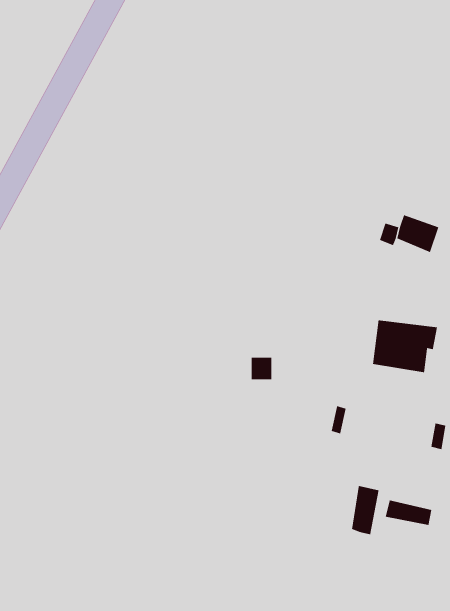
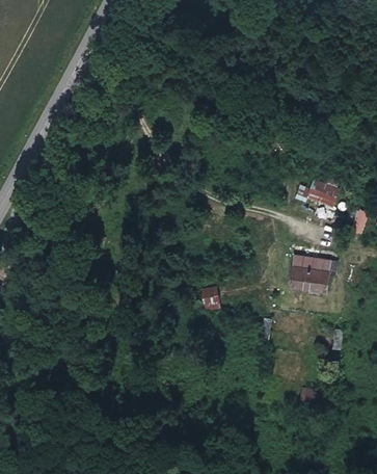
building: [351,485,379,535] -> none

